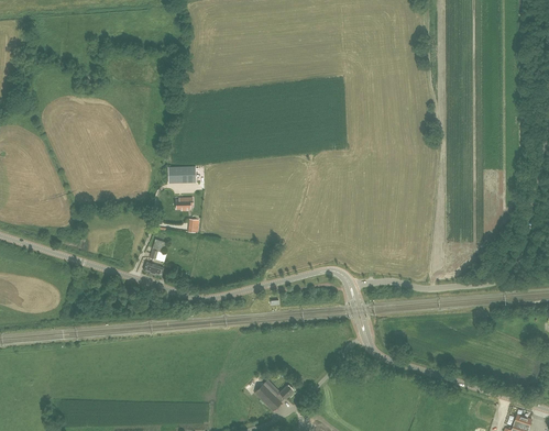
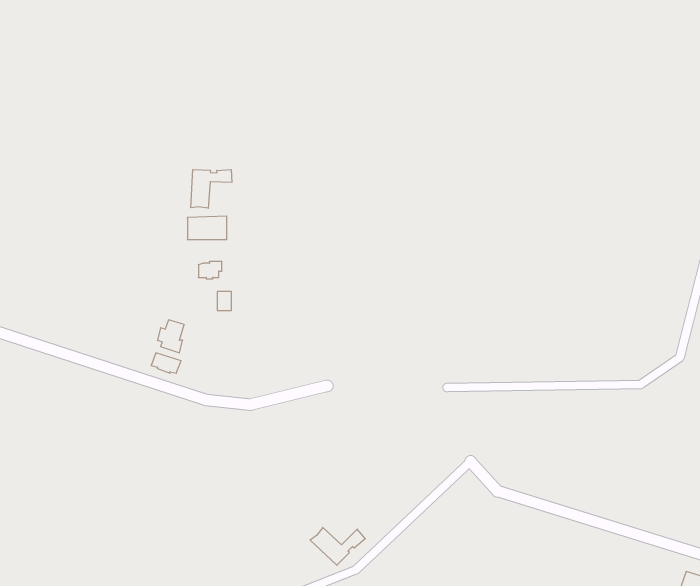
building: none -> [191,170,232,208]

